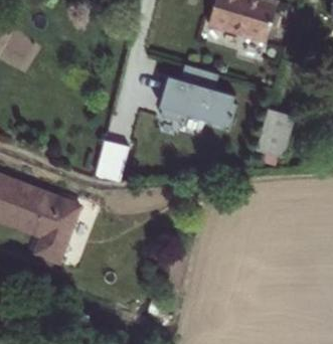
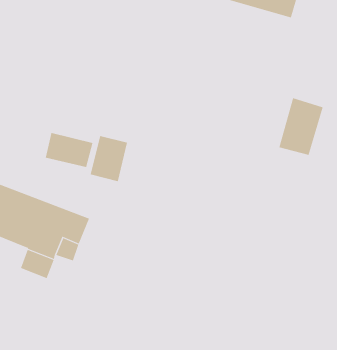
building: [163,63,243,124] -> none
building: none -> [45,132,93,168]

